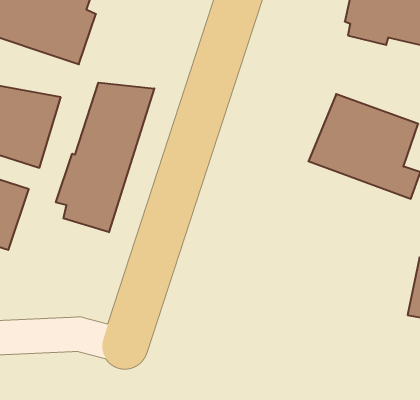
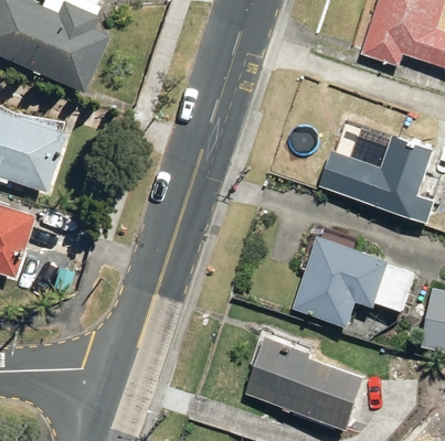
building: [56,83,154,232] -> none
building: none -> [293,236,418,327]
building: none -> [245,326,367,427]

